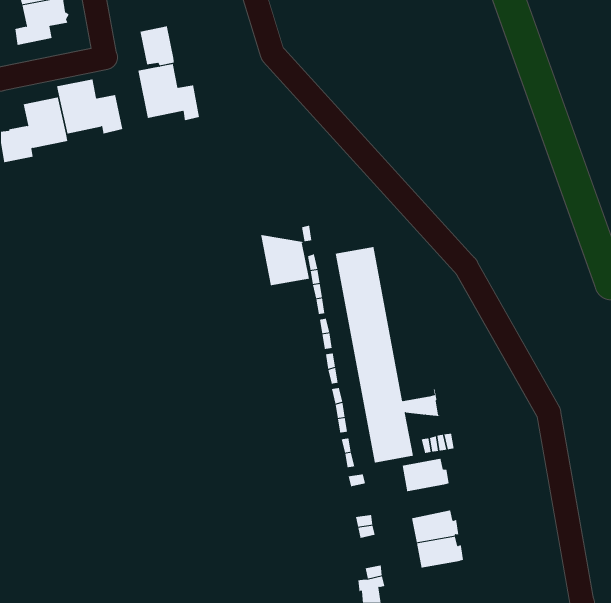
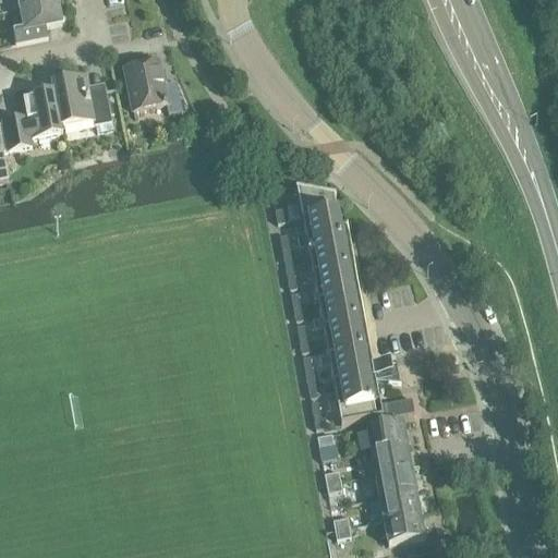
building: [140,26,174,66] -> none
building: [261,234,310,286] -> [296,184,341,231]
building: none -> [371,441,414,472]
building: none -> [384,511,427,542]

